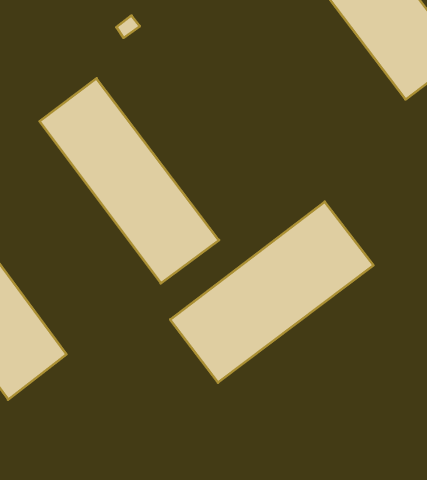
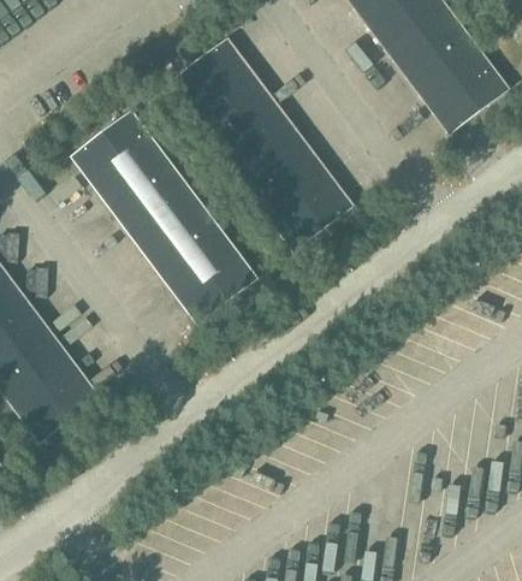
building: none -> [166,36,351,247]
building: [170,202,373,383] -> none

